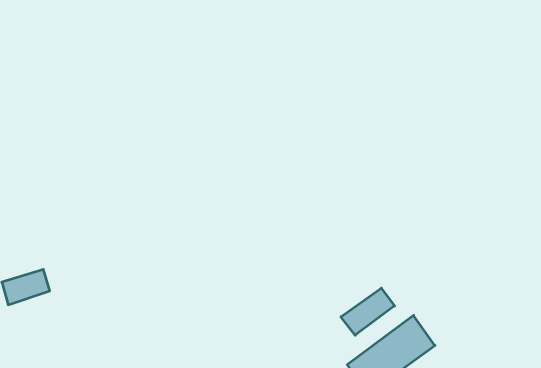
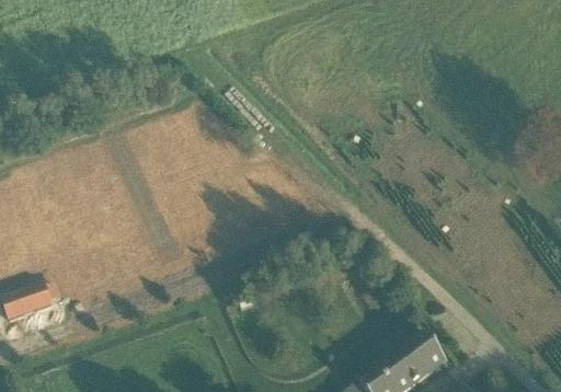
building: [341,288,395,335] -> none

